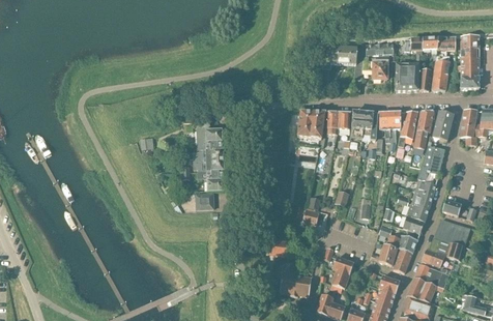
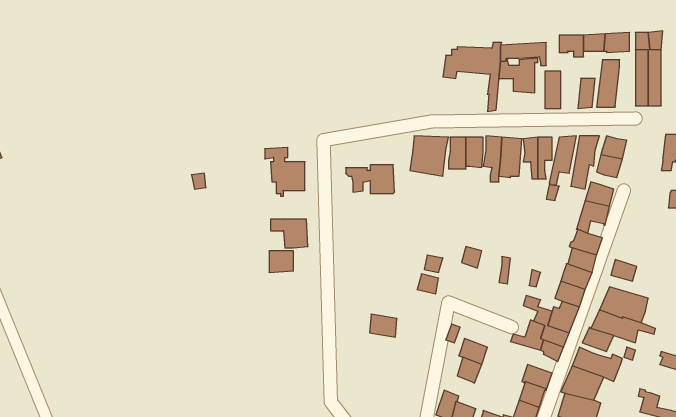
building: [460,110,480,145] -> none
building: [188,150,224,171] -> [346,165,395,194]
building: [280,273,312,297] -> none

